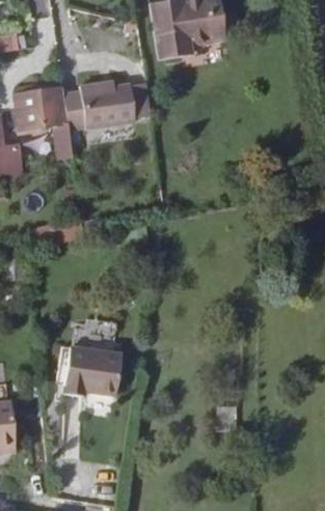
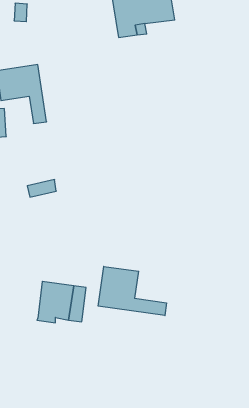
building: [80,82,136,127] -> none
building: none -> [98,266,166,316]

